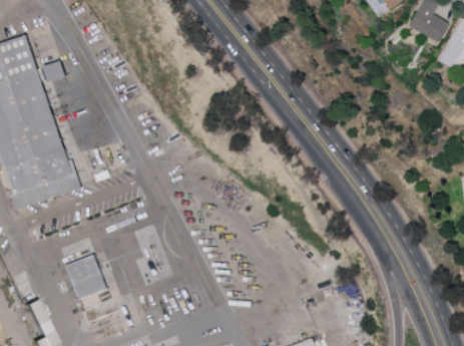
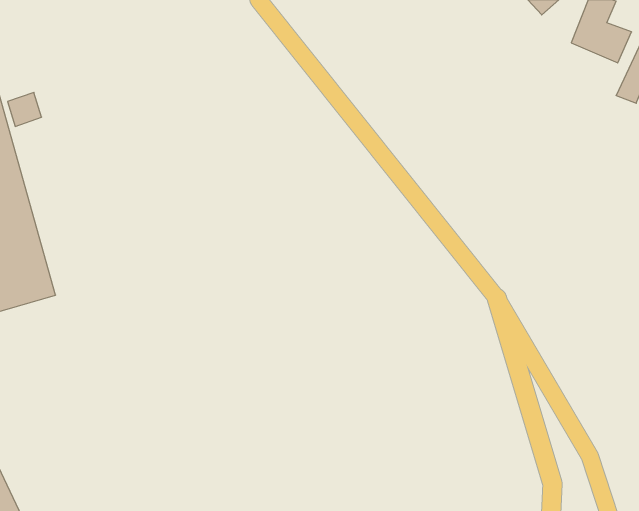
building: [65,254,107,300] -> none

